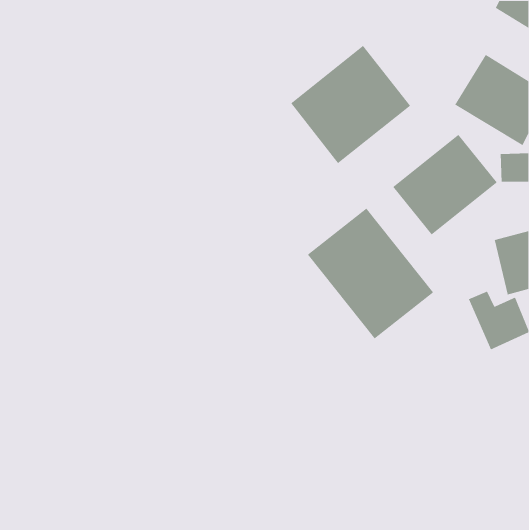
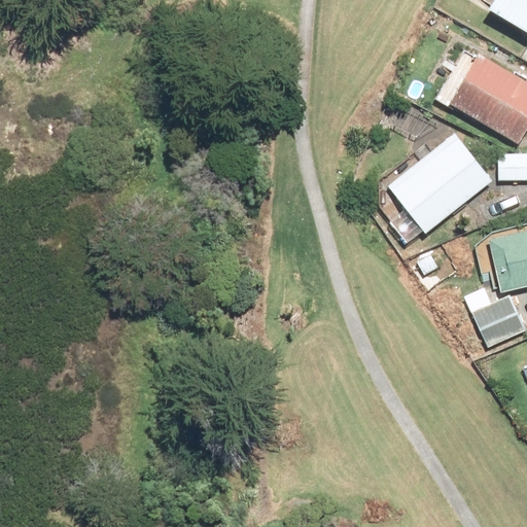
building: [290,45,411,164] -> none
building: [307,208,434,339] -> none

